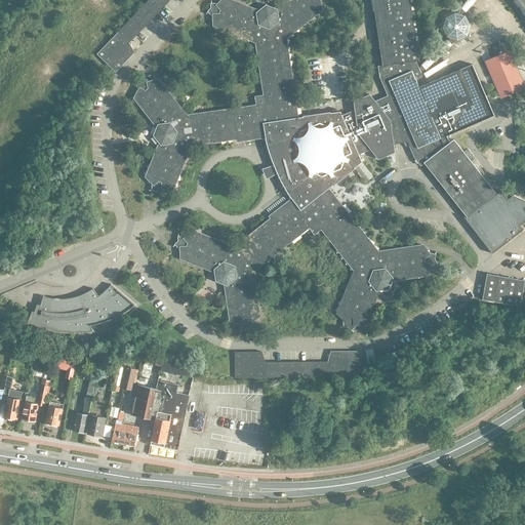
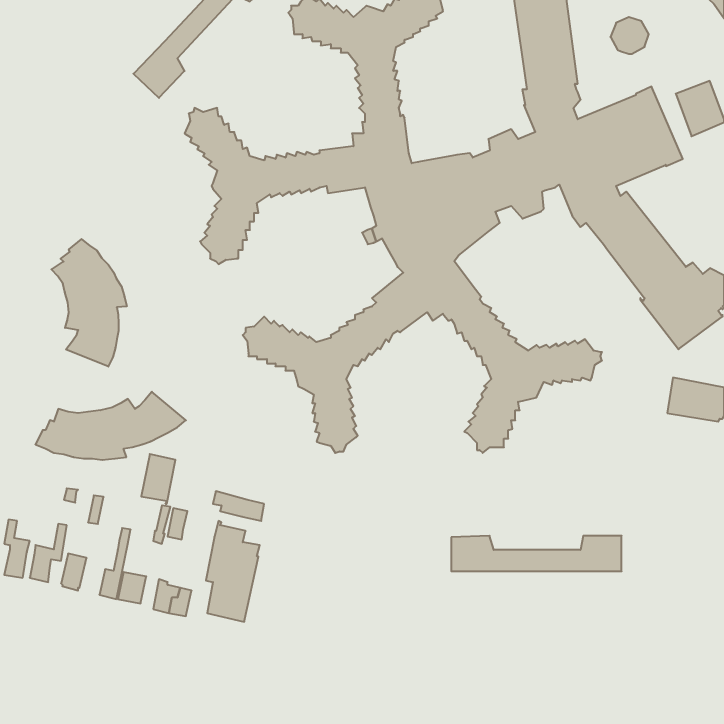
building: none -> [51,239,127,367]
building: [234,351,357,376] -> [451,536,622,571]
building: [130,383,155,419] -> [141,454,175,504]

